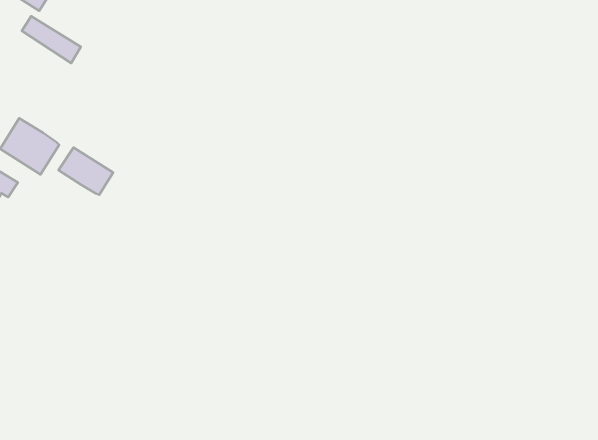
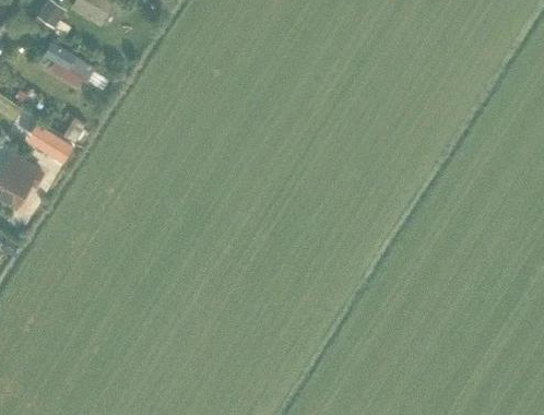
building: [59,147,113,195] -> none

